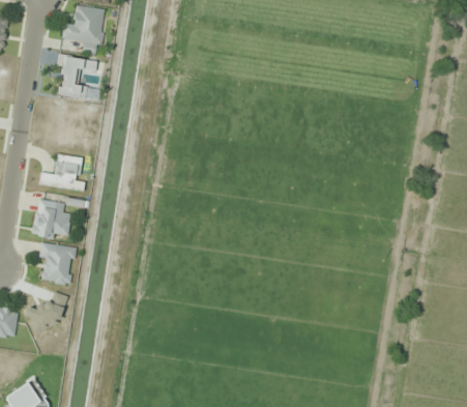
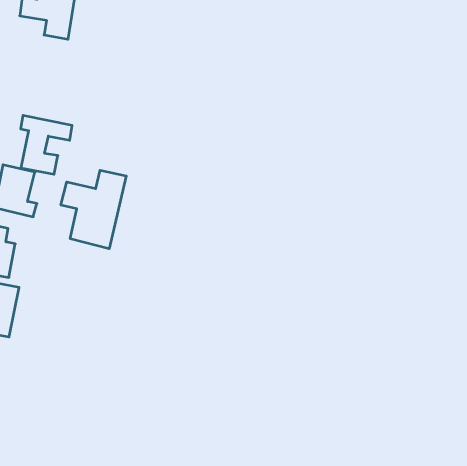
building: [57,55,96,98] -> [21,115,72,174]
building: none -> [61,170,126,249]

